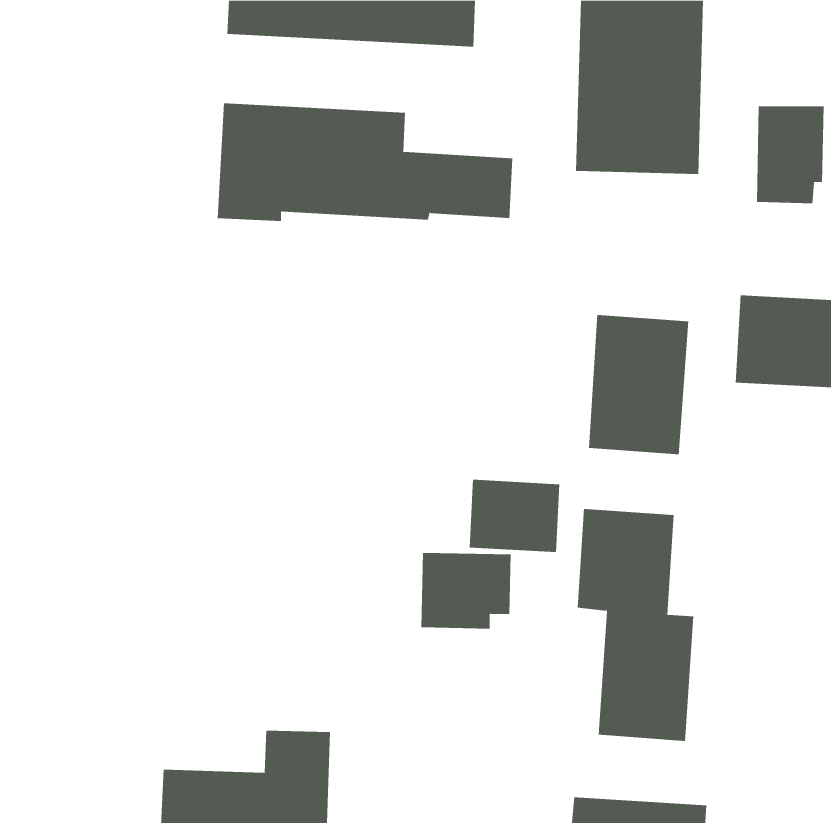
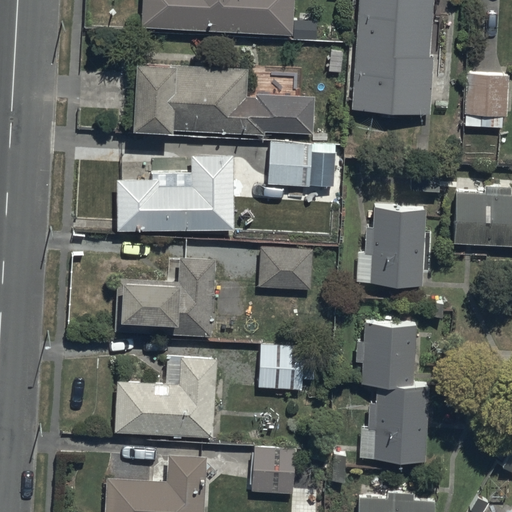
building: none -> [269,148,336,194]
building: none -> [116,153,234,231]
building: none -> [114,258,216,338]
building: [469,479,560,553] -> [258,246,314,291]
building: none -> [112,355,217,434]
building: none -> [251,444,295,495]

